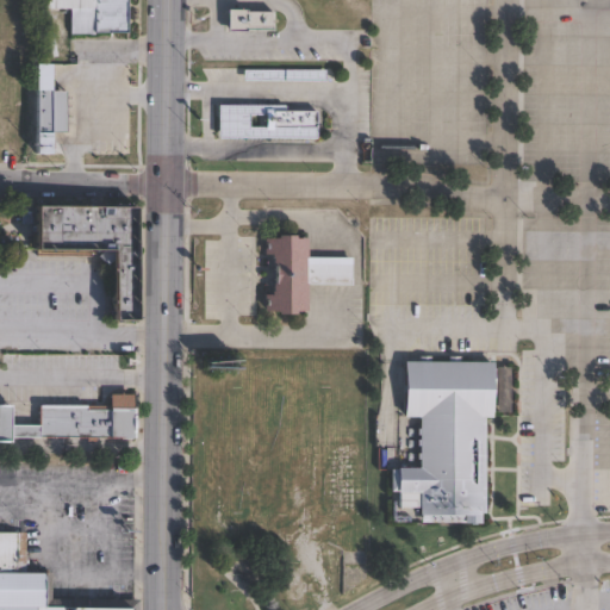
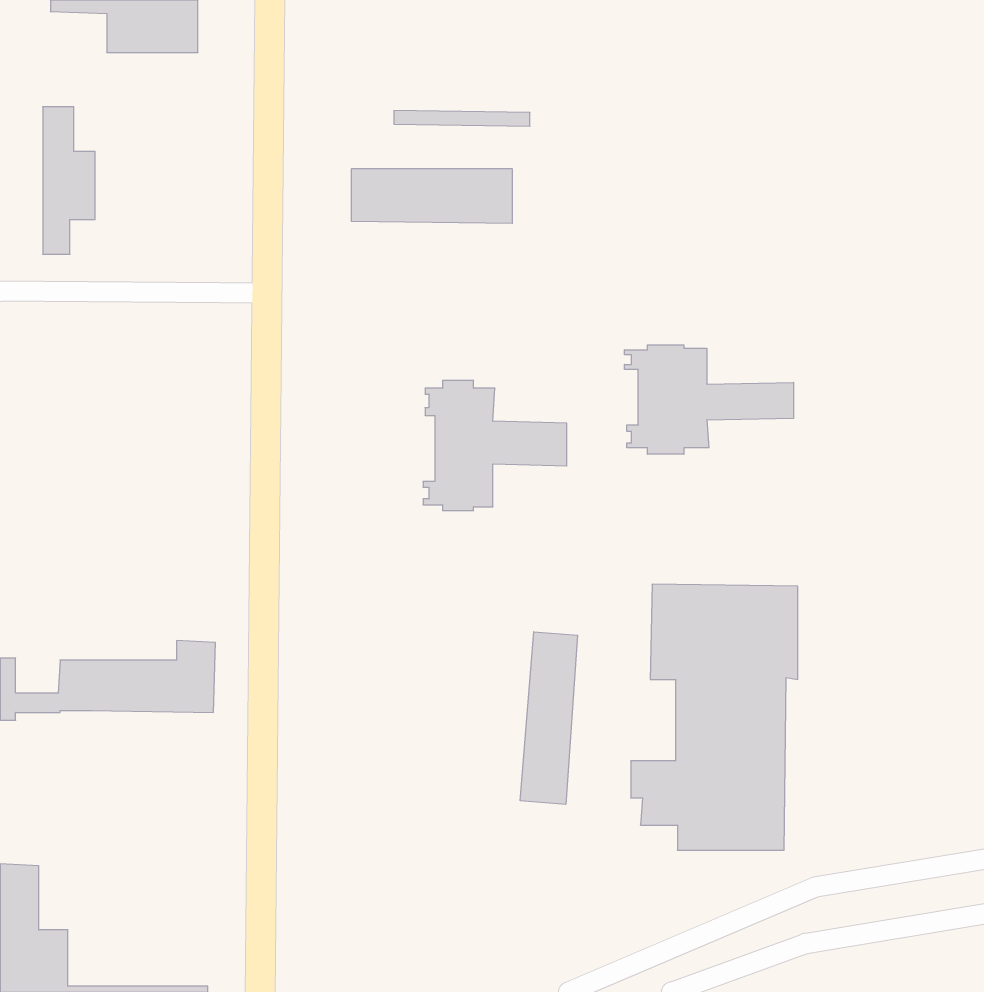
building: [230,10,278,29] -> none
building: [36,207,137,320] -> none
building: none -> [625,345,793,454]
building: none -> [520,632,578,804]

